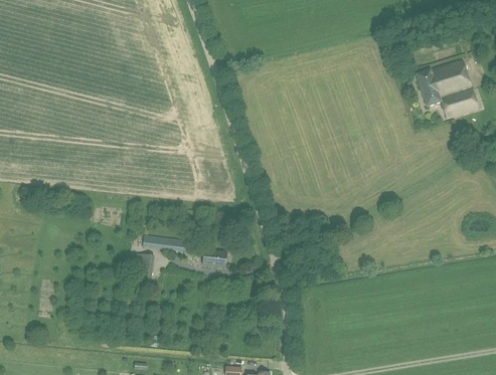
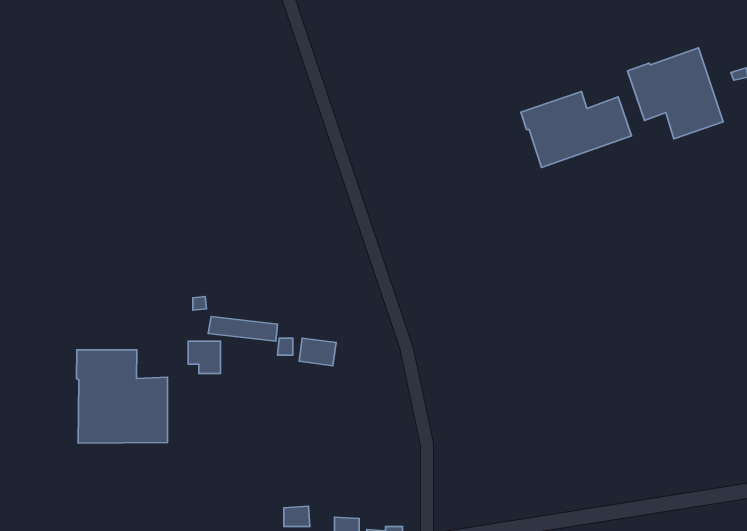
building: none -> [521,91,632,167]
building: none -> [77,350,168,443]

